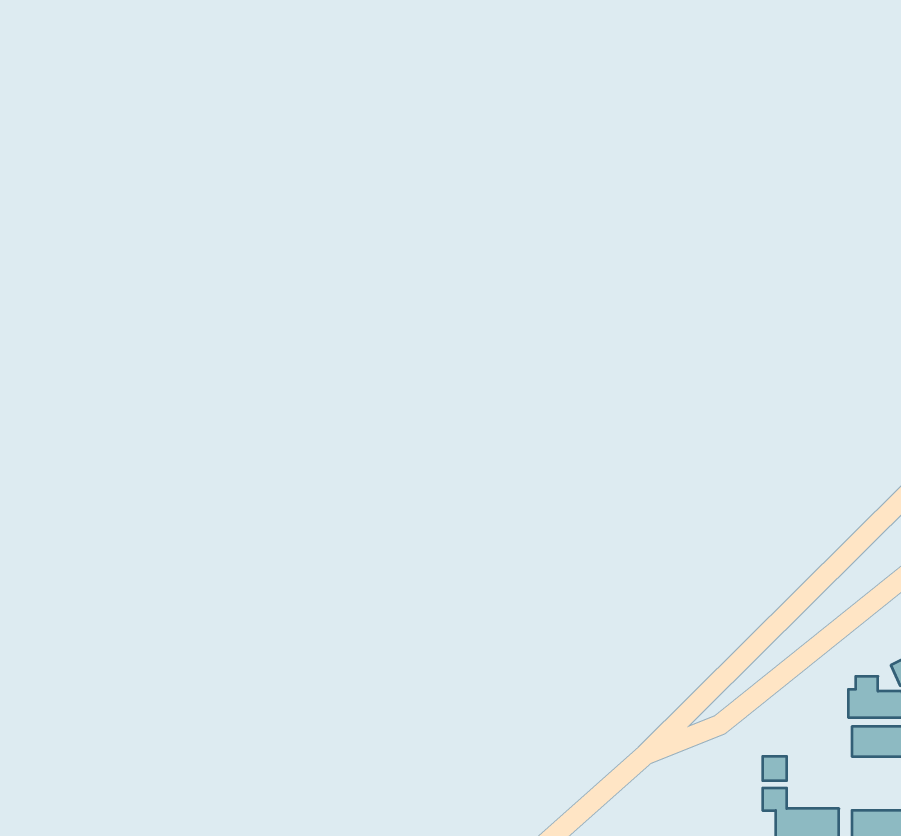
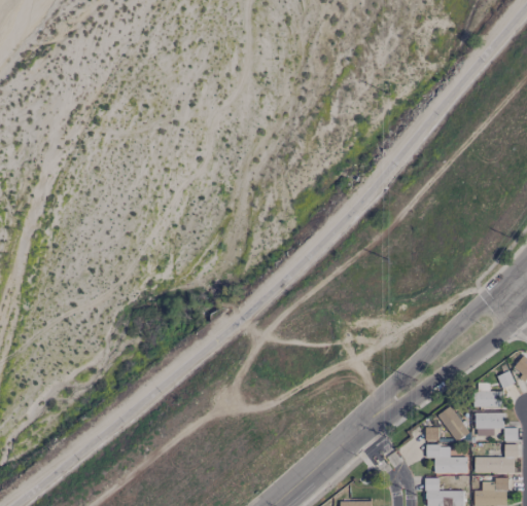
building: none -> [436,406,469,442]

